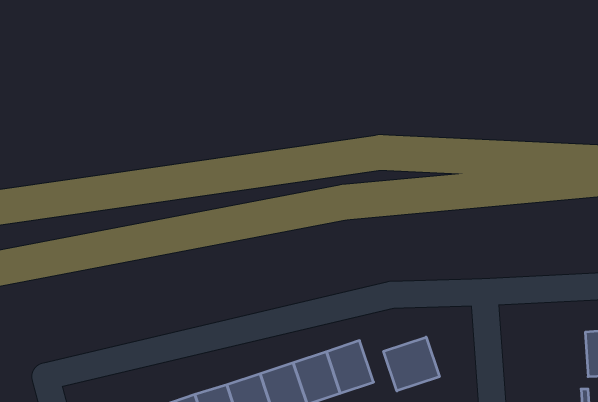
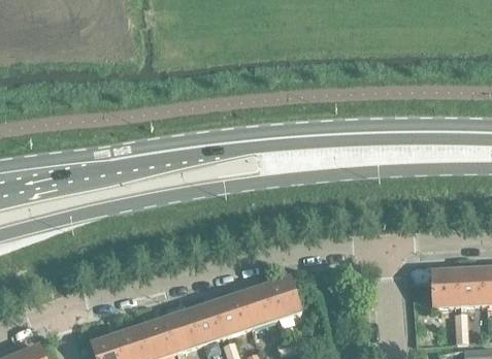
building: none -> [431,271,460,306]
building: [384,337,439,391] -> none

